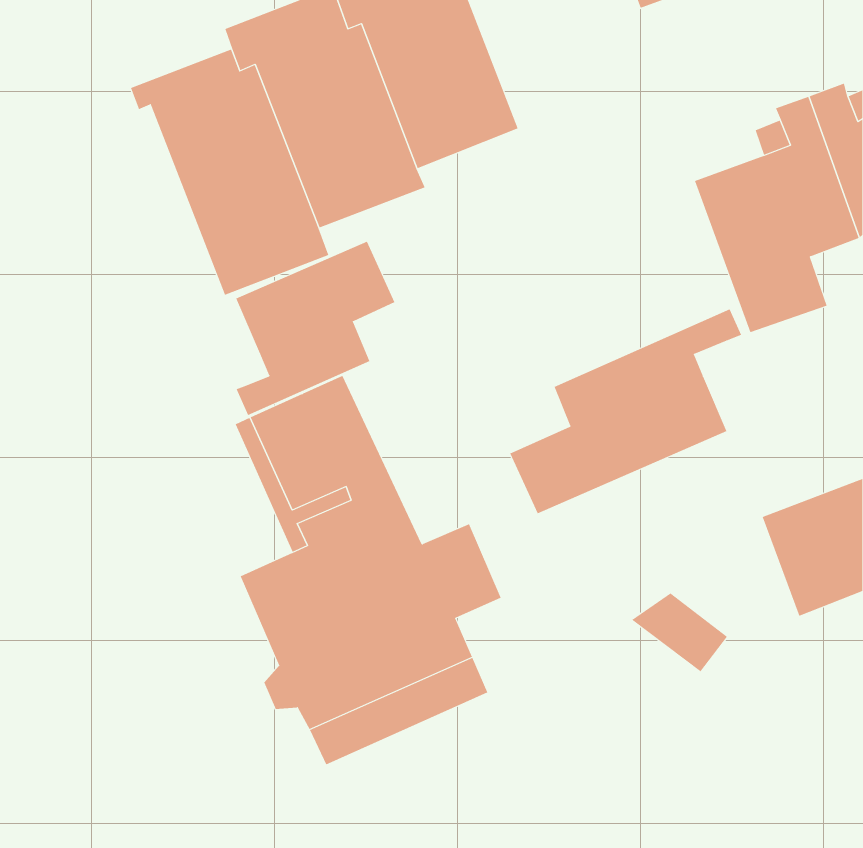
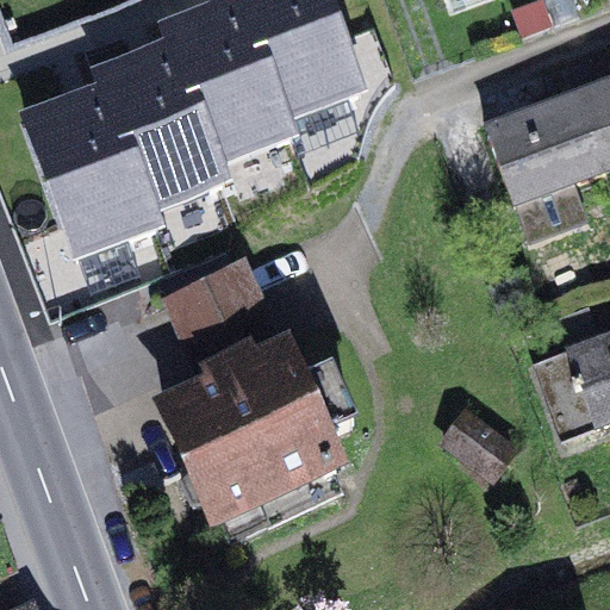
building: none -> [19,74,164,255]
building: [235,241,395,416] -> none
building: [510,308,742,514] -> none

